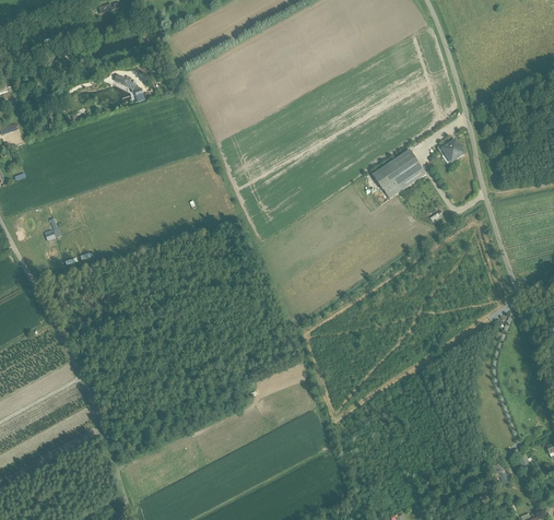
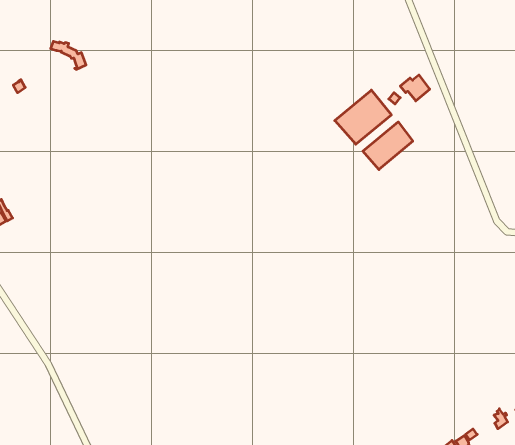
building: none -> [363,122,413,170]

